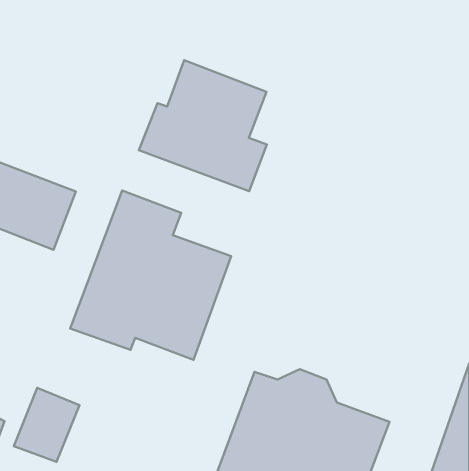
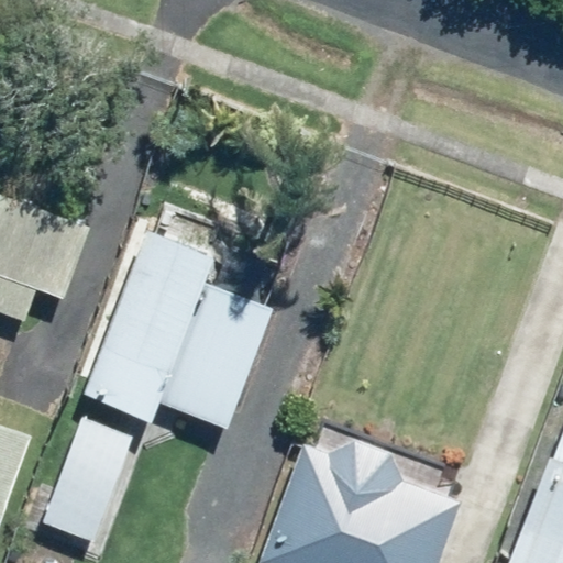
building: [139,60,267,191] -> none

